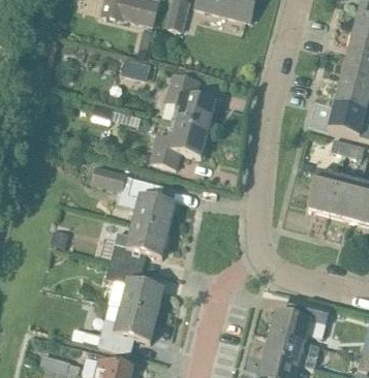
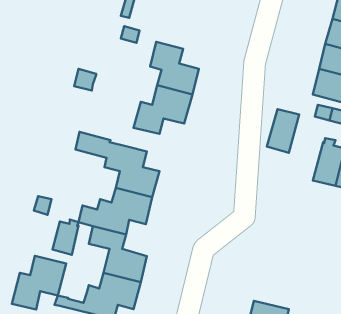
building: [307,170,339,214] -> [267,109,299,153]
building: none -> [53,219,78,255]
building: none -> [12,256,66,310]
building: [270,296,330,342] -> none

